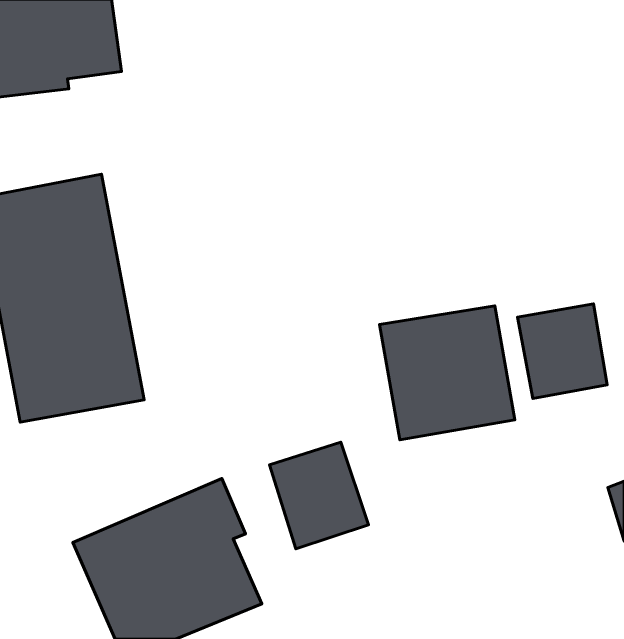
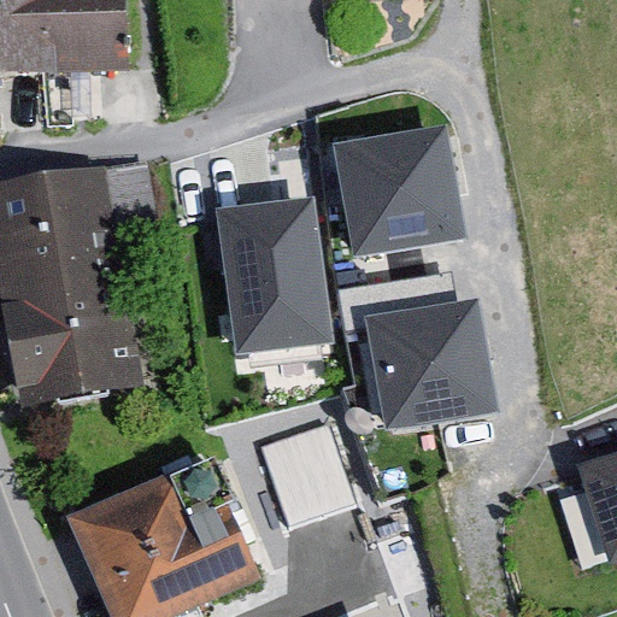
building: none -> [334,119,464,249]
building: none -> [230,208,325,370]
building: [517,304,607,398] -> none

